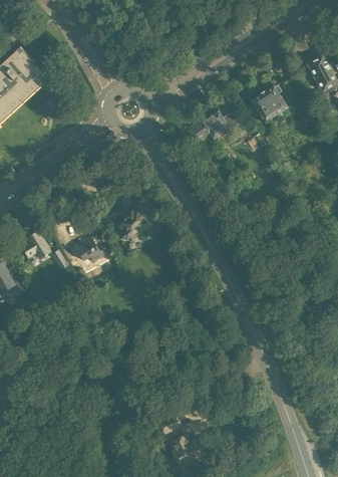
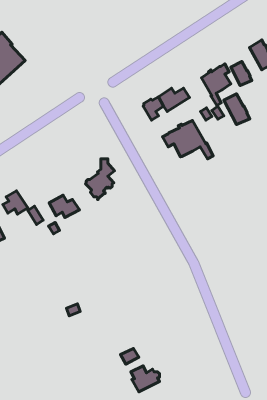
building: none -> [231,62,252,86]
building: none -> [224,94,250,124]
building: none -> [163,120,213,159]

